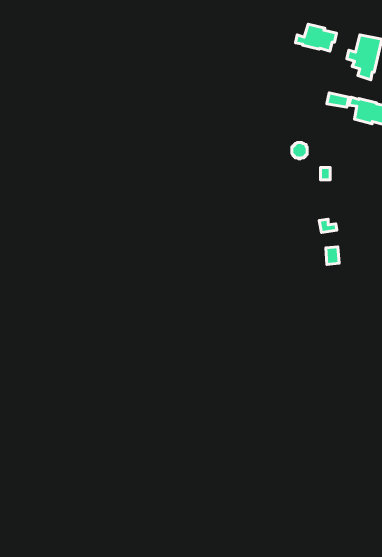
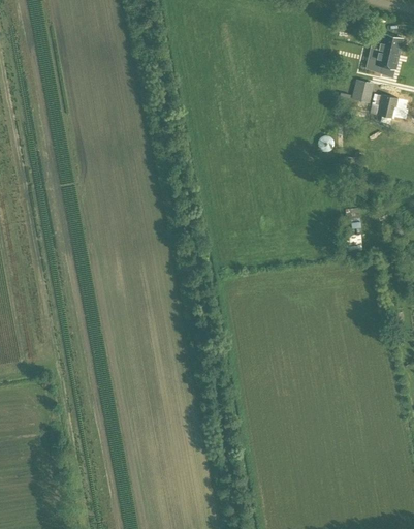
building: [295,24,337,51] -> none

